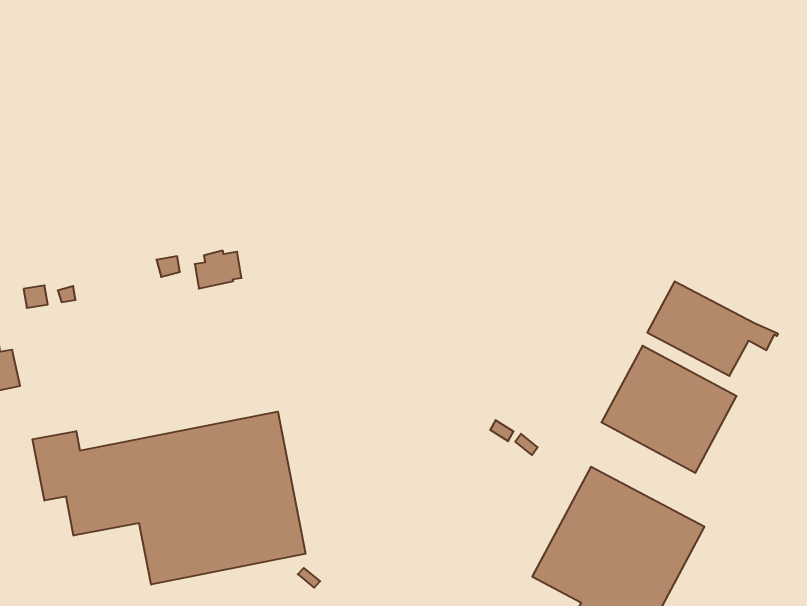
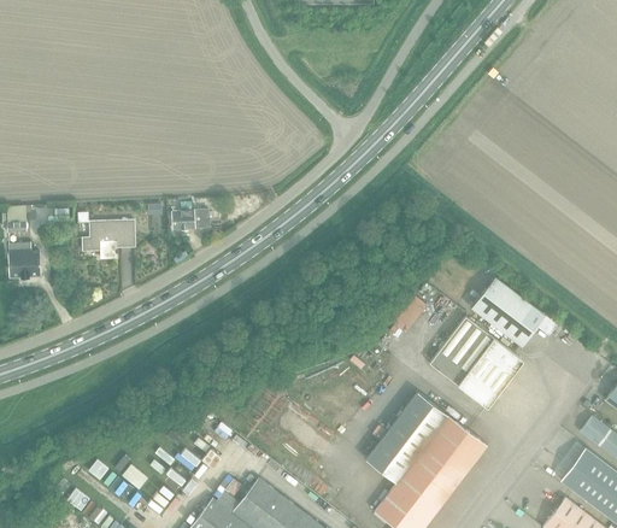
building: none -> [82,219,135,256]
building: [32,412,306,585] -> none

